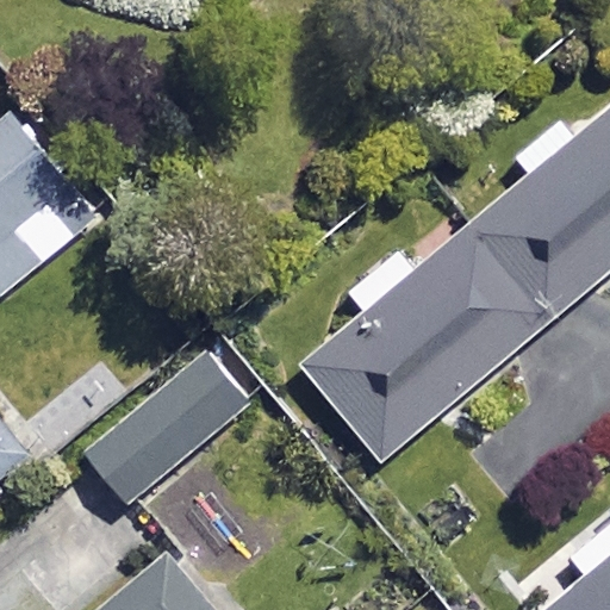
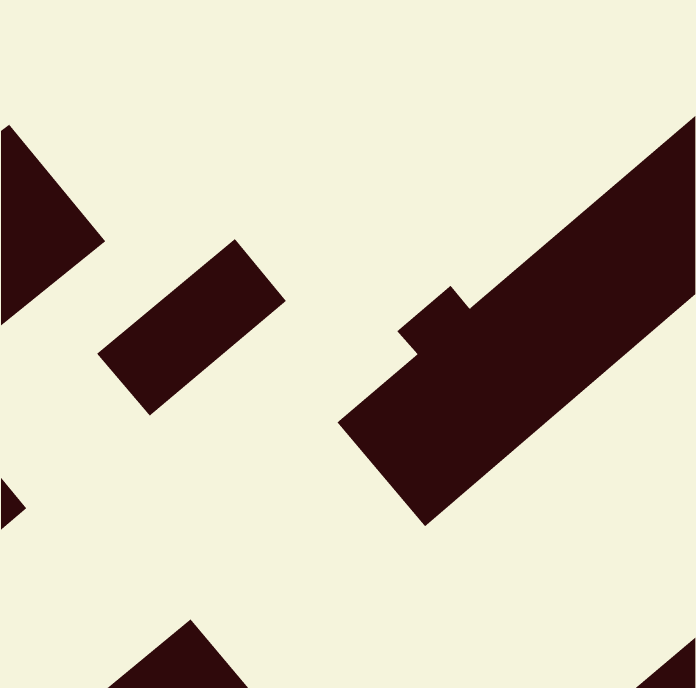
building: [87,348,254,504] -> [96,238,287,417]

